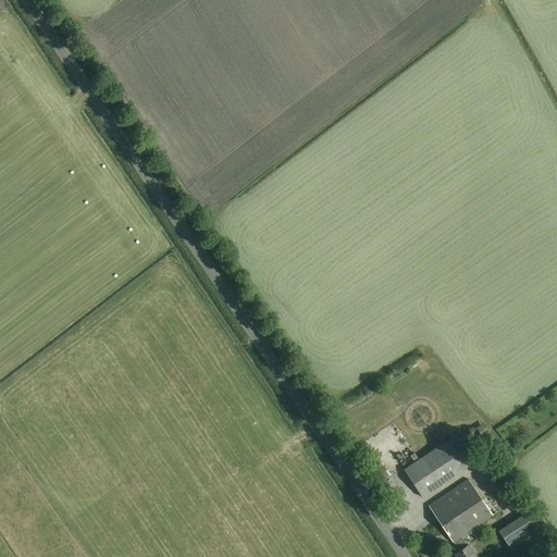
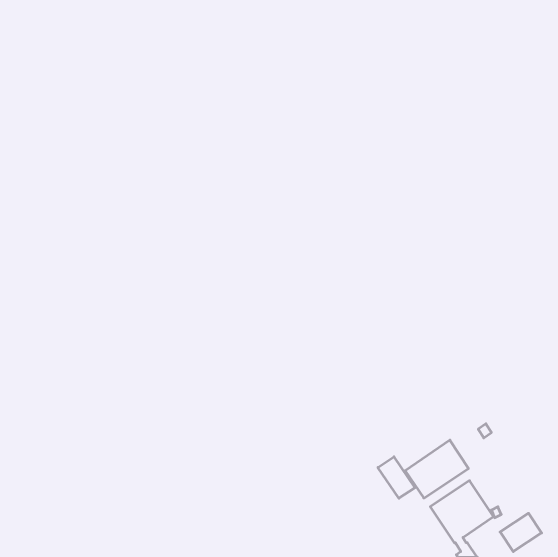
building: none -> [378,457,415,498]

